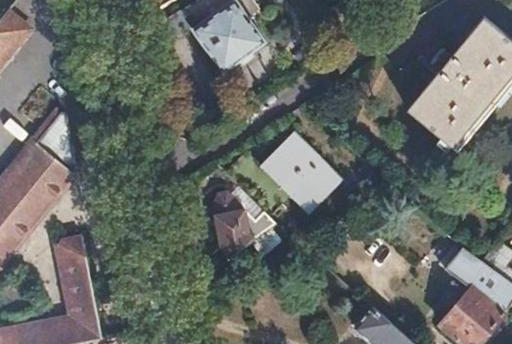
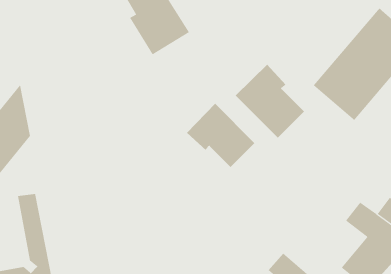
building: none -> [235,64,305,139]
building: [212,192,277,258] -> none

